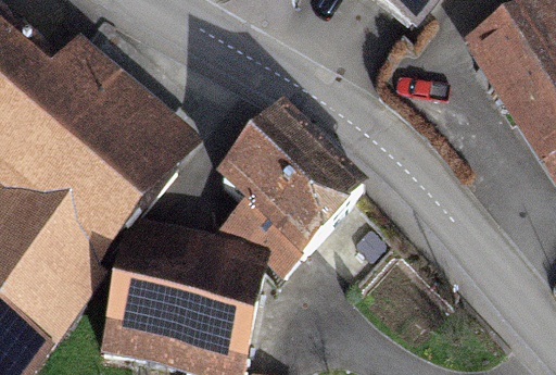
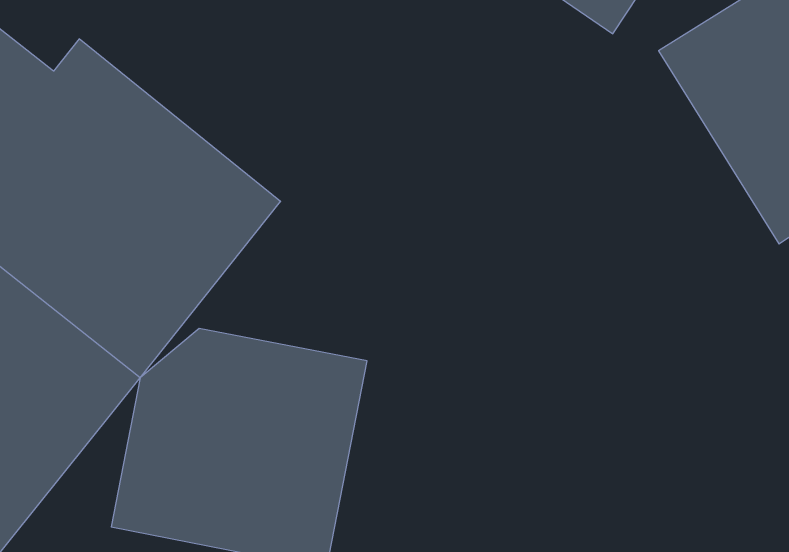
building: [214,103,371,260] -> none

